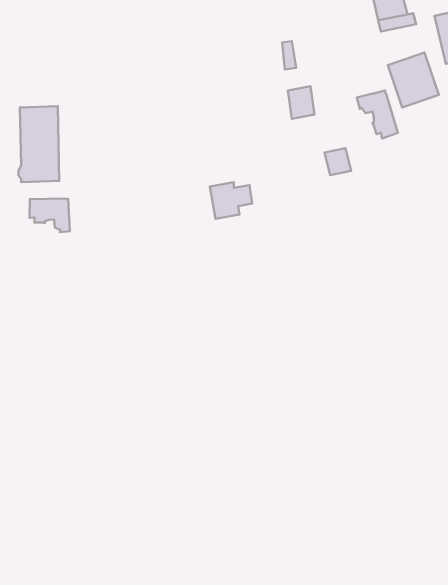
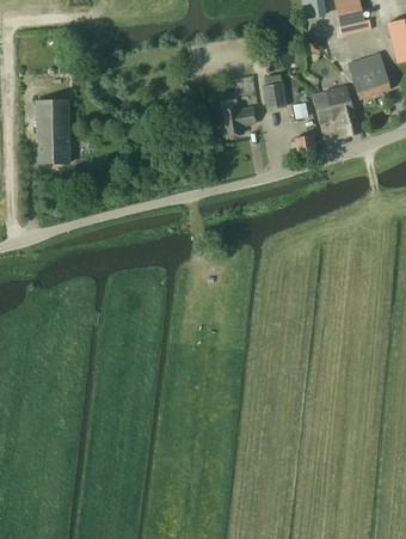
building: none -> [312,91,359,137]
building: [210,182,252,219] -> [219,104,254,135]
building: [29,199,70,232] -> none

